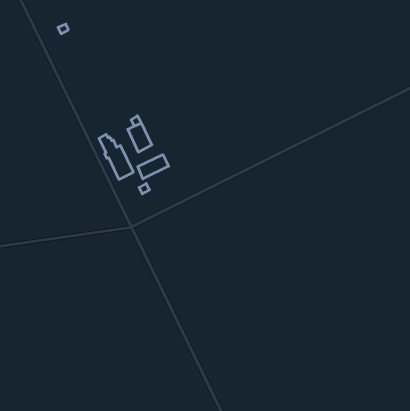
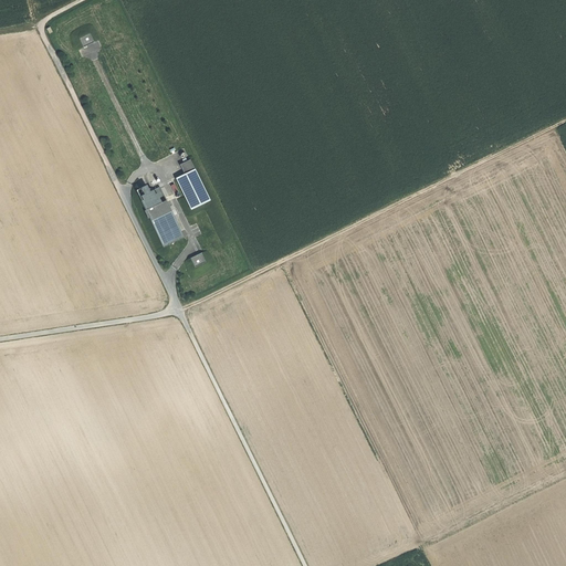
building: [138,155,169,179] -> none

